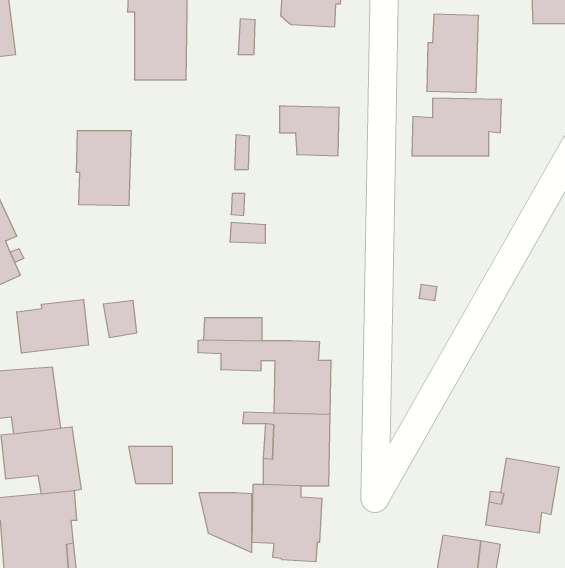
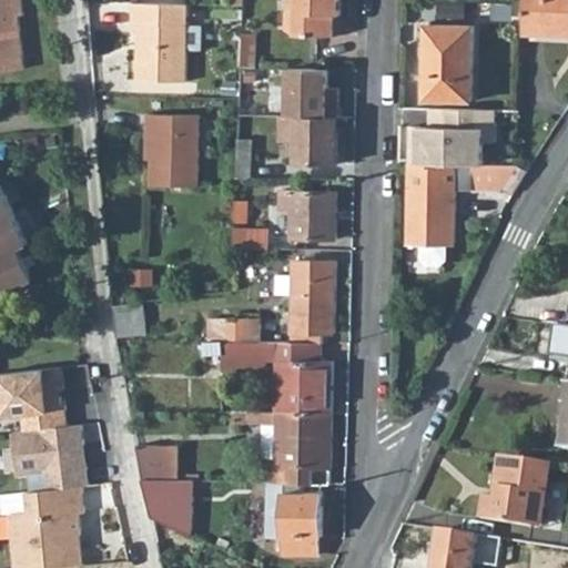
building: none -> [284,69,336,118]
building: [76,131,131,206] -> [145,114,199,186]
building: none -> [403,164,525,265]
building: none -> [278,190,334,237]
building: none -> [290,261,332,344]
building: [17,299,89,353] -> none
building: [199,493,252,553] -> [140,480,191,538]

